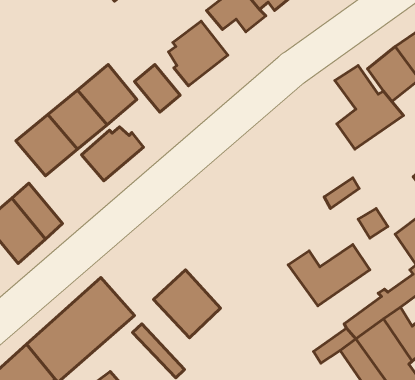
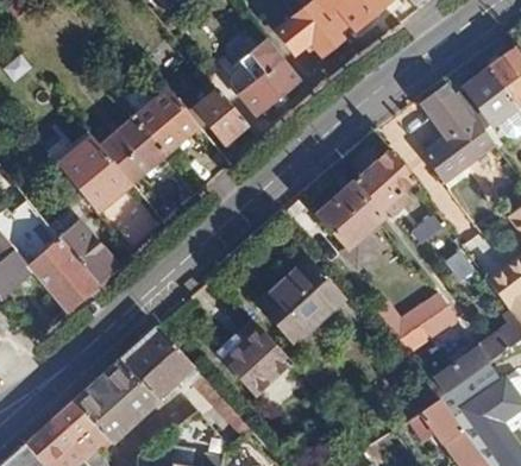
building: none -> [316,150,414,267]
building: [82,127,144,181] -> none
building: none -> [260,263,344,345]

